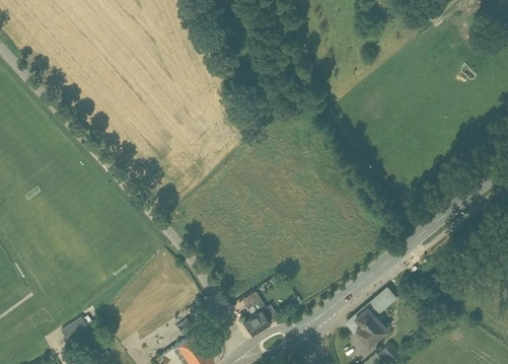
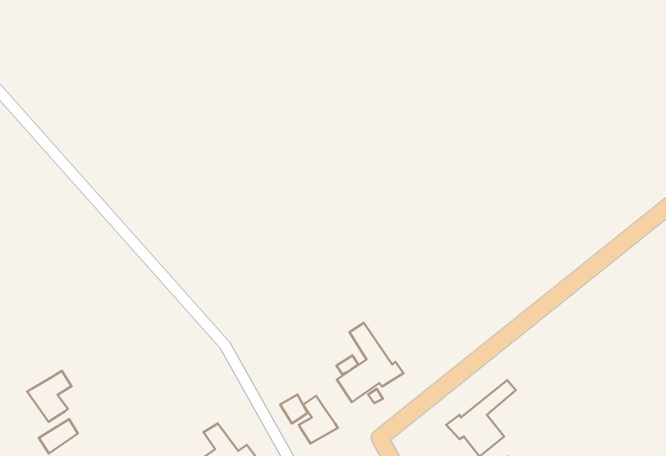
building: none -> [337,323,404,402]
building: none -> [27,371,72,422]

